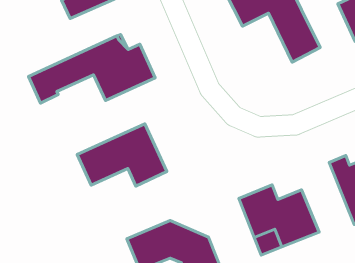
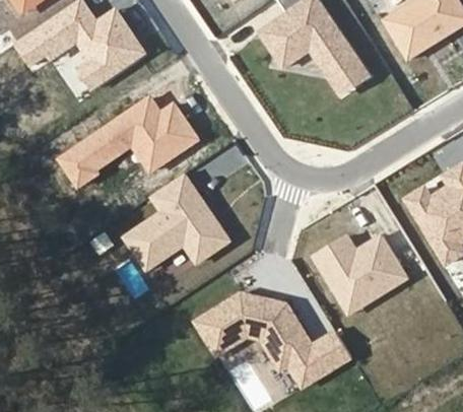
building: none -> [151,174,194,212]

